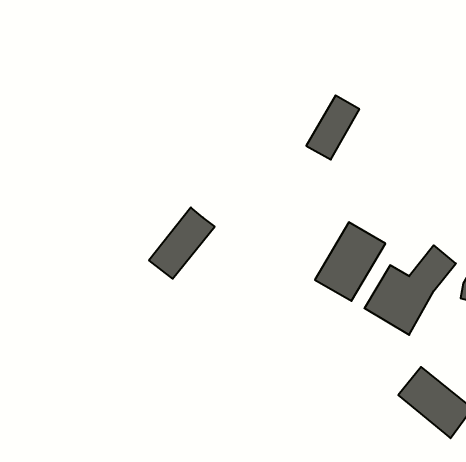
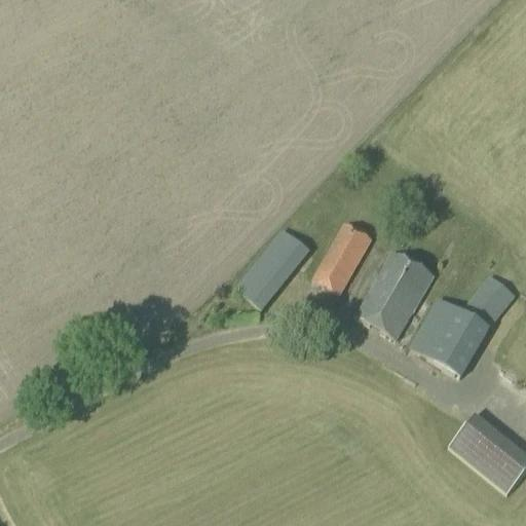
building: [306,95,359,160] -> [312,222,372,294]
building: [149,207,215,279] -> [236,228,310,308]

